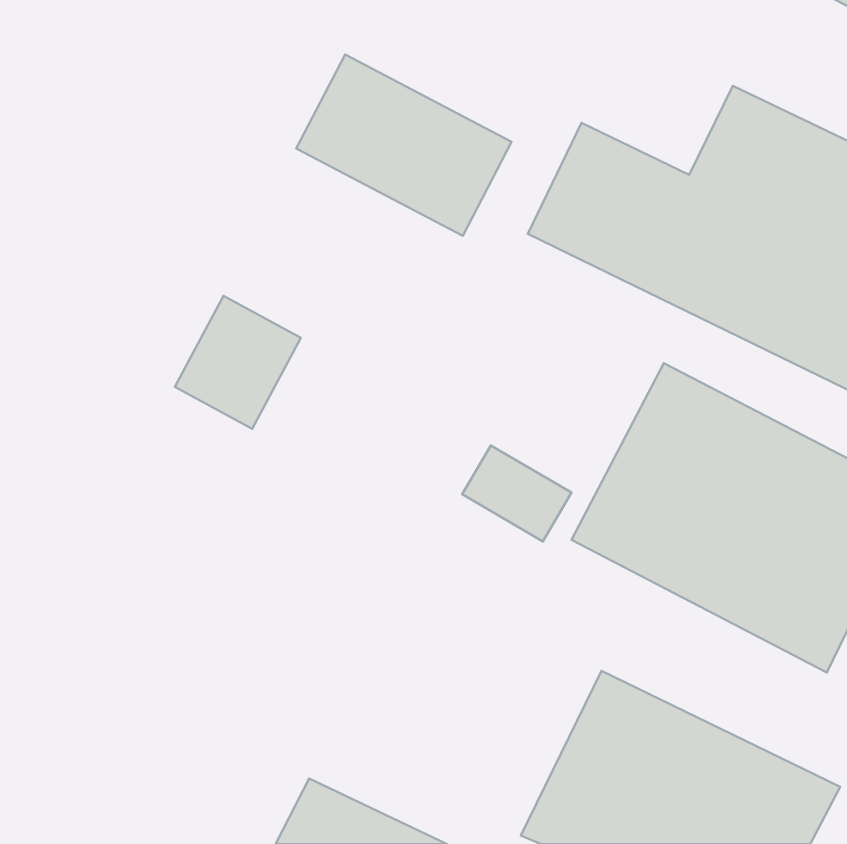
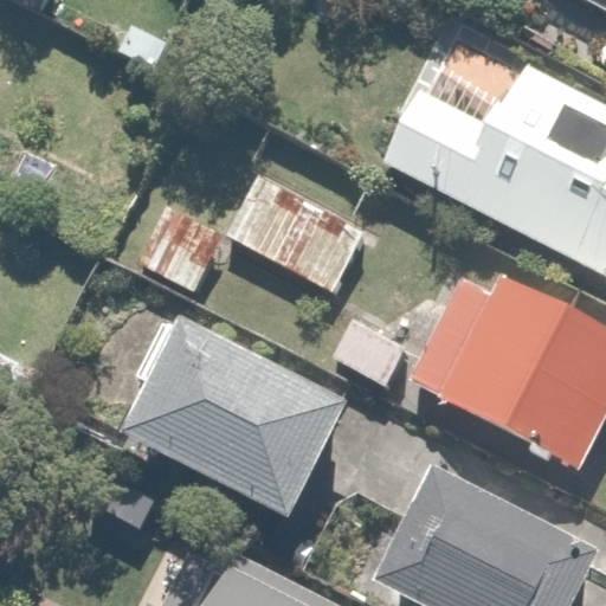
building: [296,54,511,236] -> [223,161,374,289]
building: none -> [130,315,343,518]

